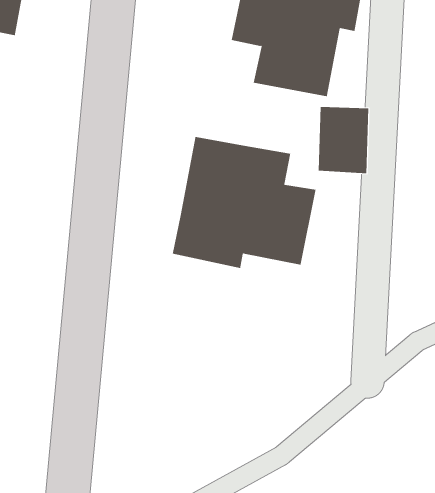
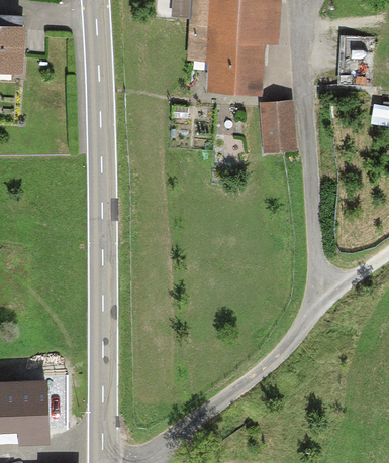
building: [172,136,316,269] -> none

